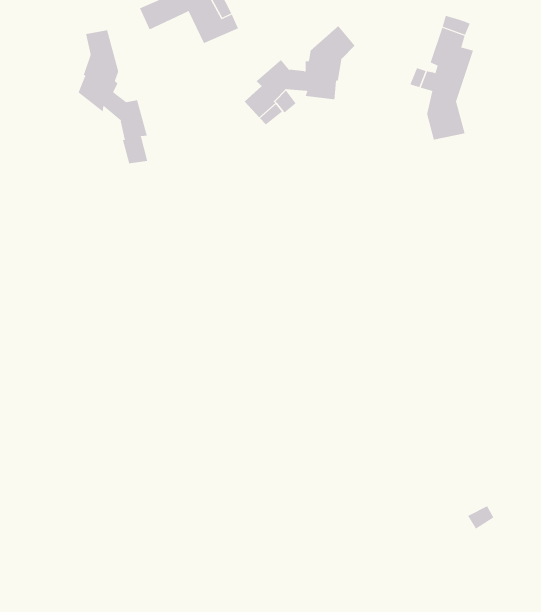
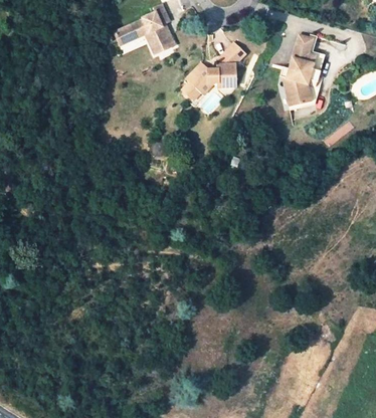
building: [78,30,148,164] -> none

